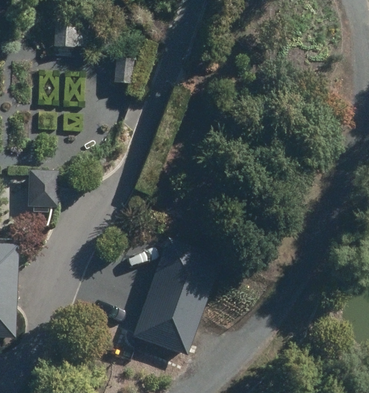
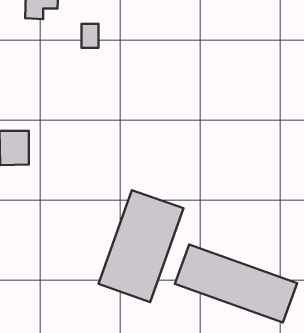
building: none -> [175,245,297,322]

